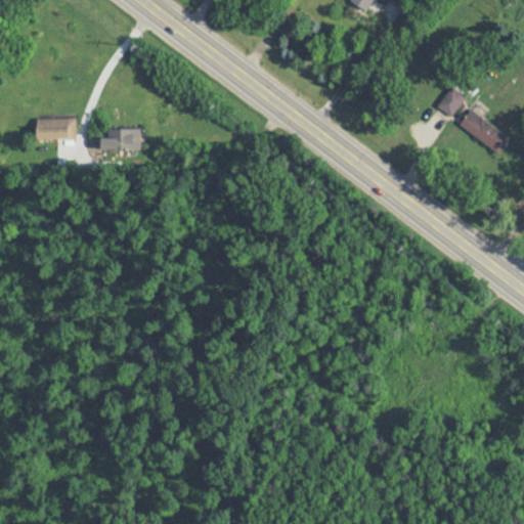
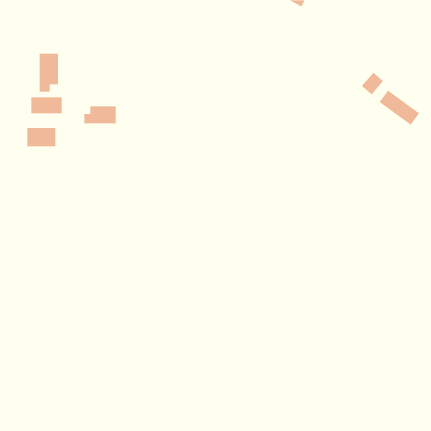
building: none -> [39,53,59,92]
building: none -> [26,127,56,147]

